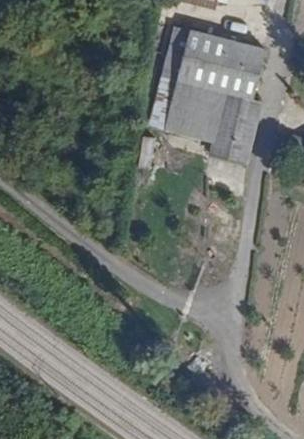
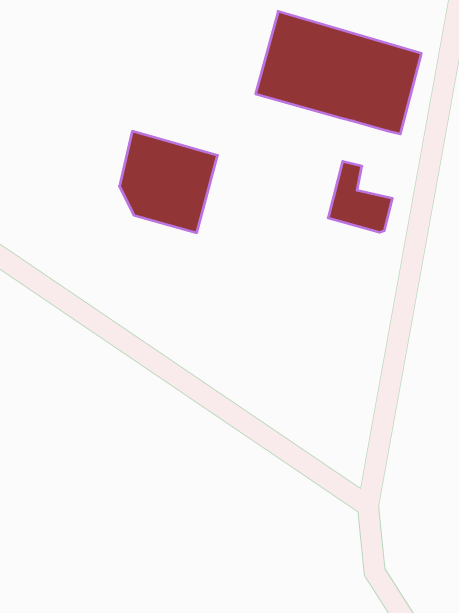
building: [154,75,215,138] -> [119,131,218,233]
building: [216,92,257,140] -> none

